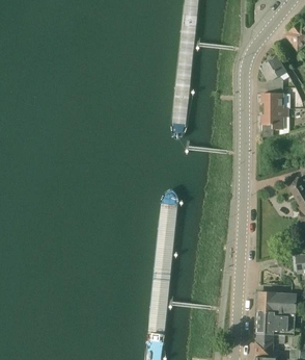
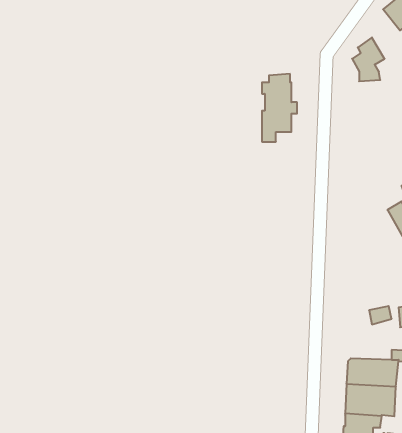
building: [262,86,288,136] -> [262,74,297,142]

